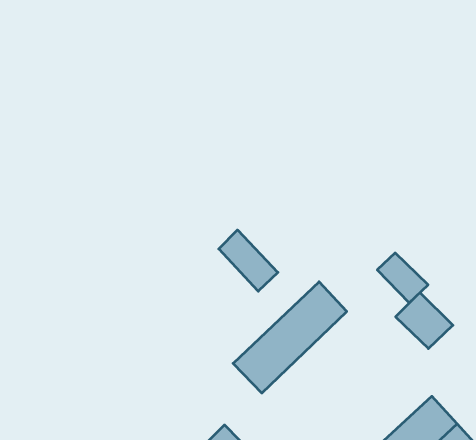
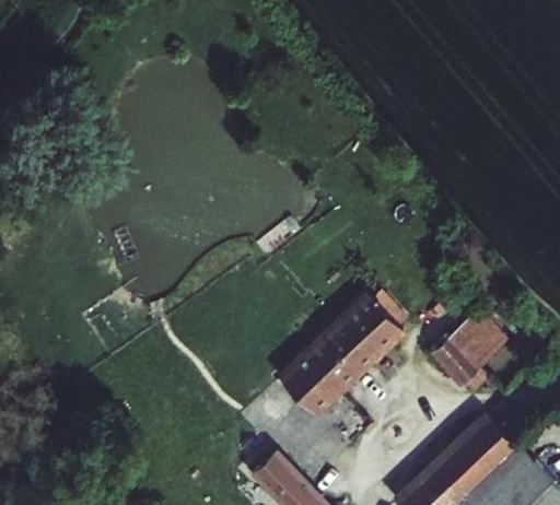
building: [219,230,278,291] -> none
building: [377,253,428,303] -> [431,337,483,388]

